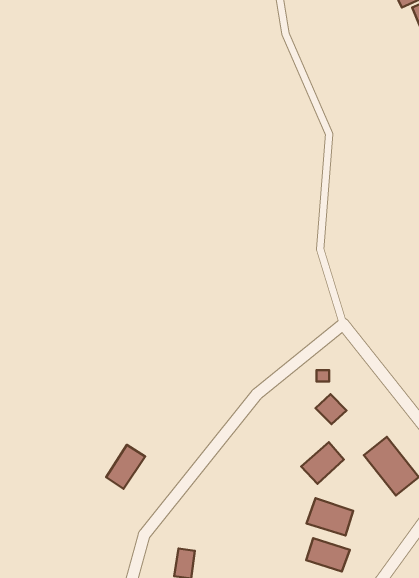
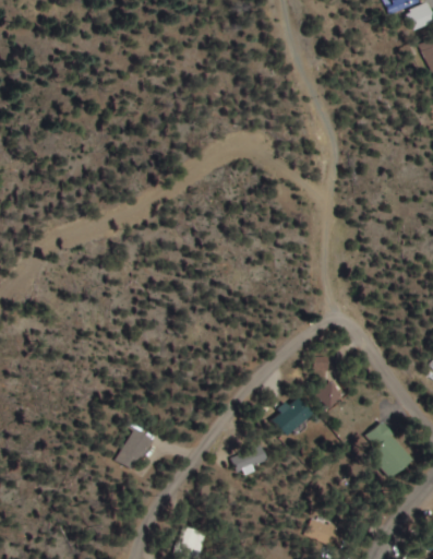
building: [301,442,344,484] -> [272,395,312,435]
building: none -> [231,444,266,471]
building: [307,498,353,536] -> none

